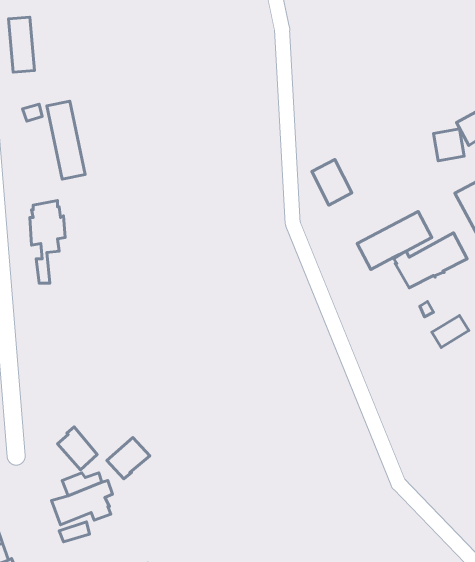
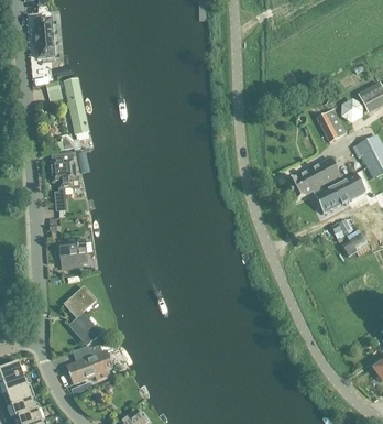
building: [312,159,352,205] -> [317,107,346,140]
building: none -> [61,238,87,265]
building: [107,437,150,479] -> [65,286,96,316]

